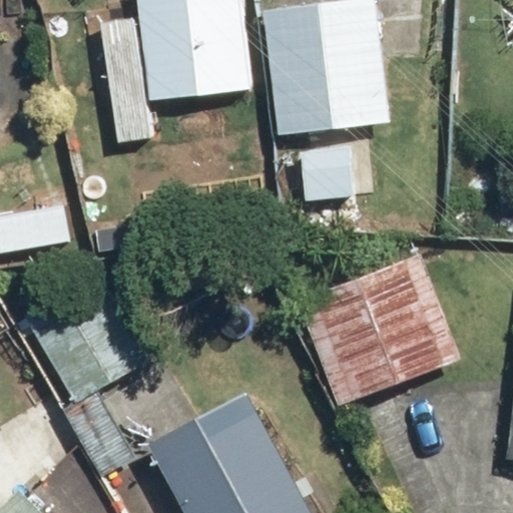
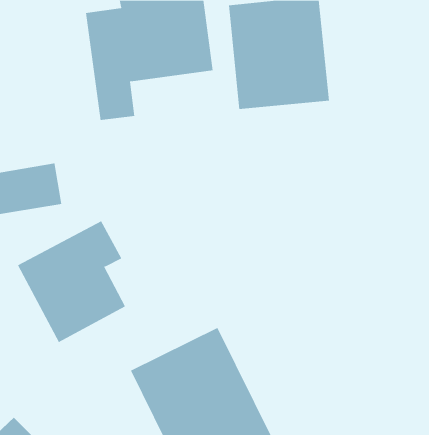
building: [295,254,458,409] -> none

